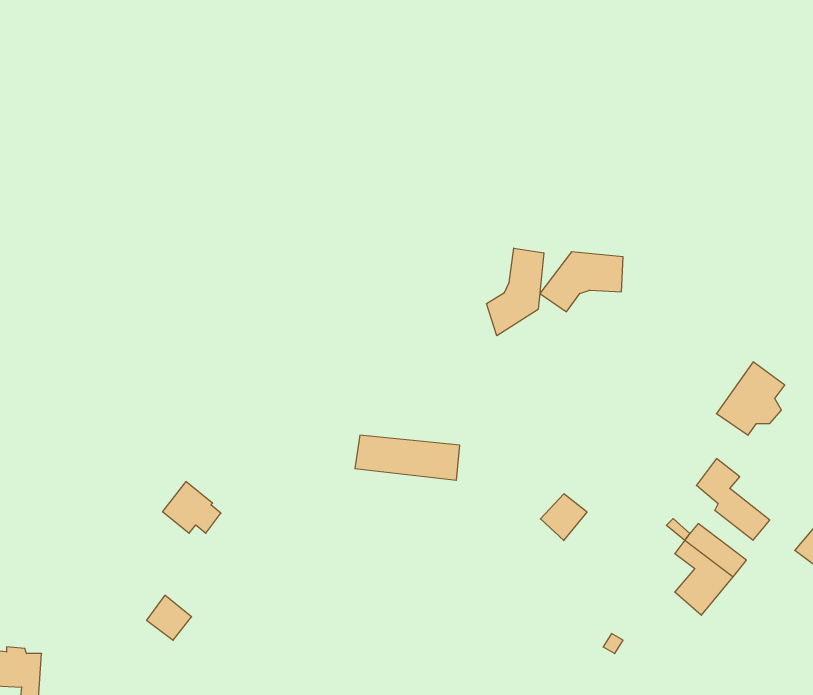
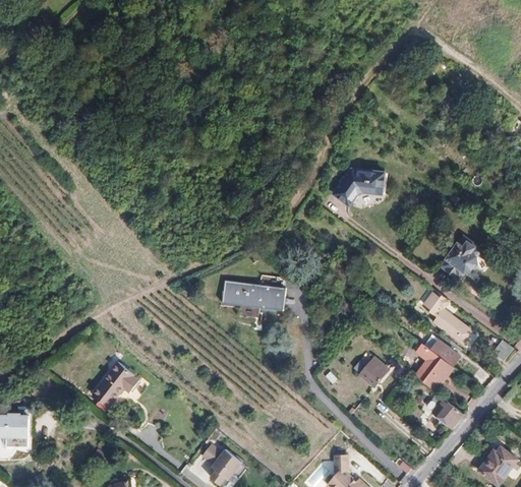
building: [486,248,544,336] -> none
building: [163,482,221,533] -> [105,361,140,392]
building: [540,494,587,541] -> [358,357,387,385]
building: none -> [431,400,462,429]

